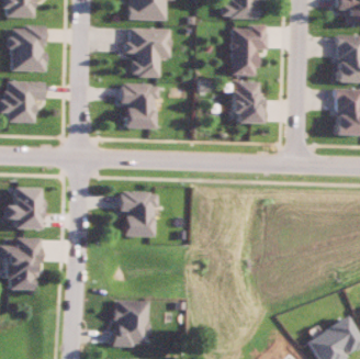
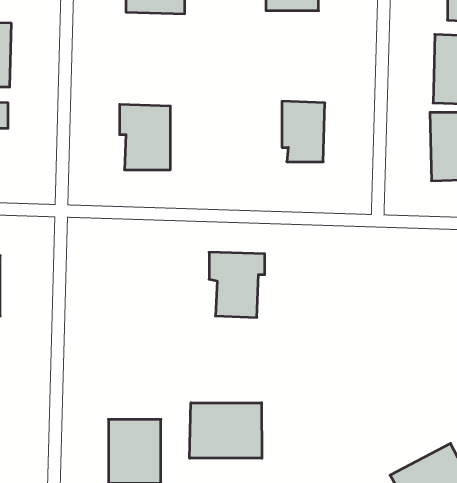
building: [228,26,265,76] -> none
building: [123,29,169,77] -> none
building: [115,192,154,237] -> [209,252,265,317]
building: none -> [190,403,262,458]

